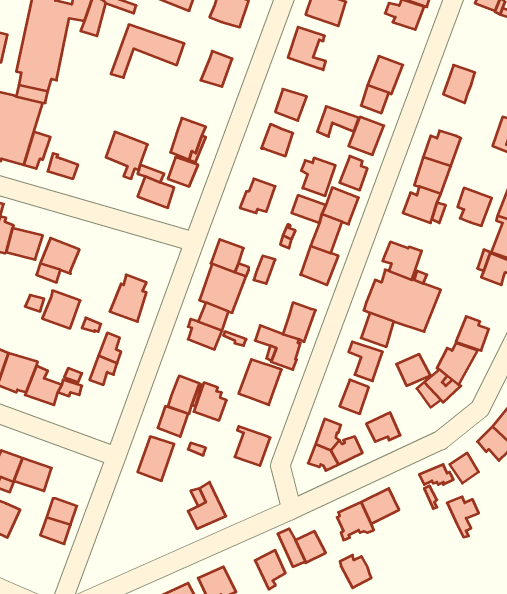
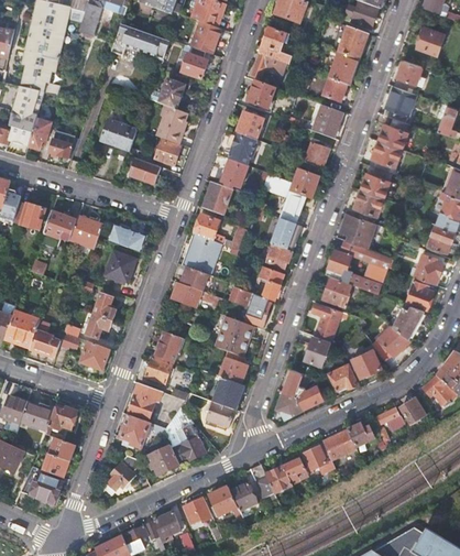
building: none -> [193,22,220,54]
building: none -> [416,25,445,54]
building: none -> [338,26,368,59]
building: none -> [158,79,184,109]
building: none -> [383,85,416,121]
building: [317,106,359,137] -> [251,53,287,79]
building: [301,158,335,196] -> [227,132,256,165]
building: [458,188,492,226] -> [353,188,383,221]
building: none -> [202,182,231,215]
building: none -> [108,224,145,251]
building: none -> [263,242,293,272]
building: none -> [414,253,442,284]
building: [42,291,80,328] -> [69,215,102,248]
building: [396,354,431,386] -> [351,348,381,375]
building: [194,383,227,420] -> [219,350,248,383]
building: none -> [80,340,110,370]
building: none -> [206,401,234,426]
building: none -> [45,406,78,437]
building: none -> [120,414,151,447]
building: [447,497,479,537] -> [347,423,374,458]
building: none -> [149,444,179,473]
building: none -> [103,455,139,491]
building: none -> [21,466,62,503]
building: none -> [209,486,237,515]
building: [340,555,371,588] -> [281,456,308,484]

